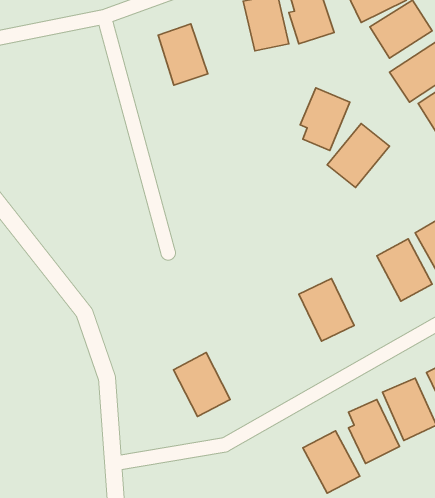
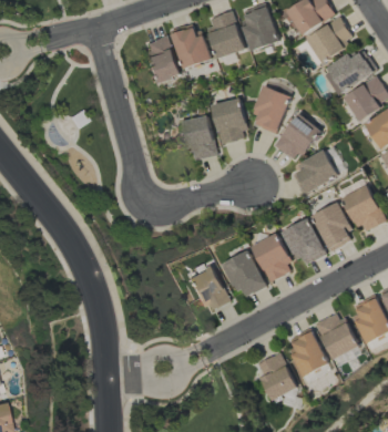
building: none -> [173,22,208,68]
building: none -> [212,97,249,144]
building: none -> [183,114,217,160]
building: none -> [290,150,339,194]
building: none -> [284,217,327,266]
building: none -> [225,249,266,297]
building: [173,353,230,417] -> [187,264,232,313]

